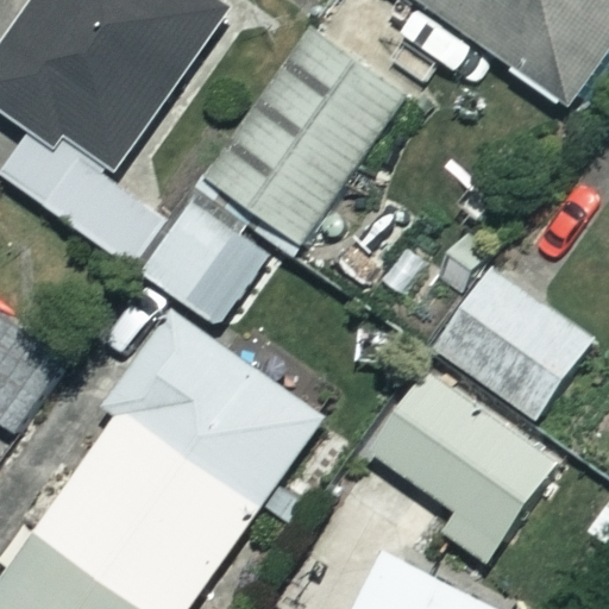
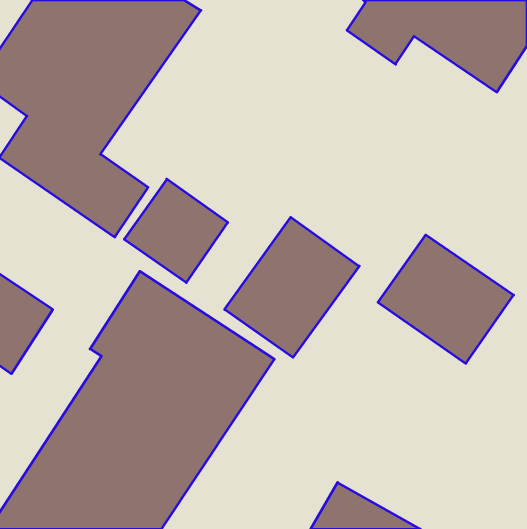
building: [207,25,408,244] -> none
building: none -> [225,217,359,357]
building: [366,368,554,559] -> none

